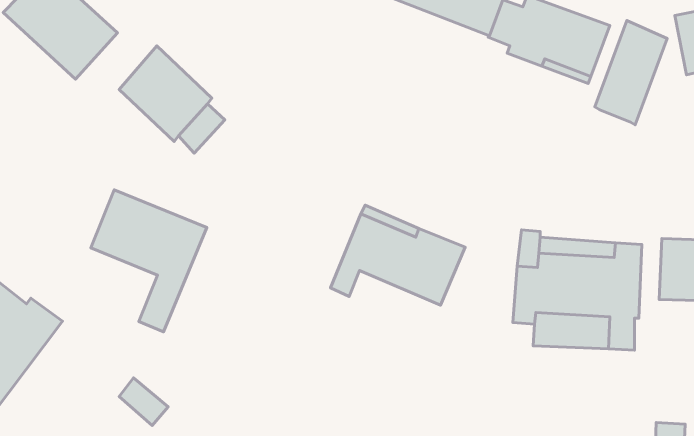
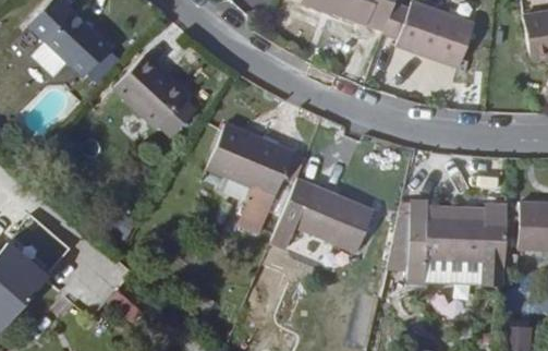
building: [595,20,667,125] -> none
building: [91,190,207,332] -> [205,120,292,227]

